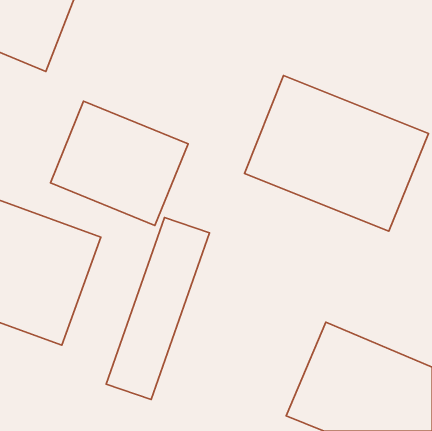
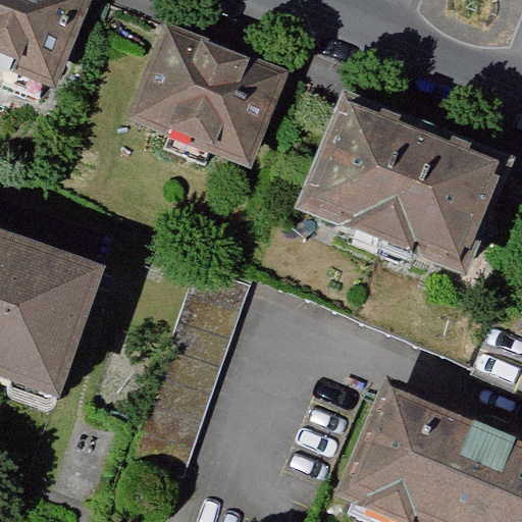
building: [51,101,188,225] -> [125,18,291,167]

